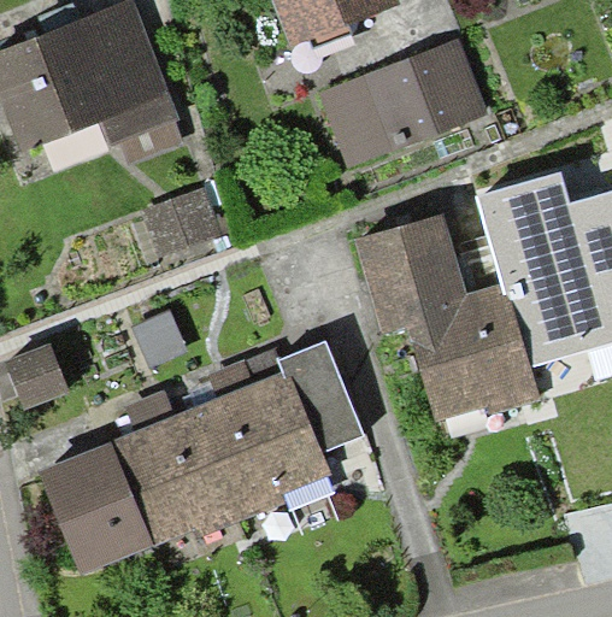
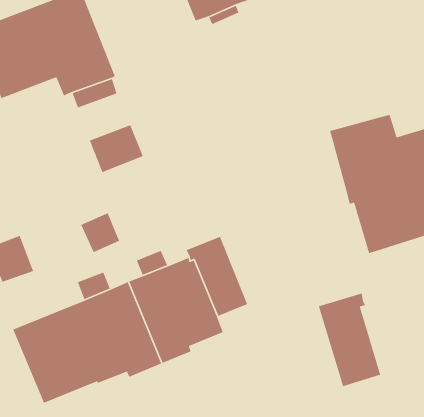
building: [318,37,488,168] -> none
building: [354,213,541,422] -> none
building: none -> [318,292,381,387]

